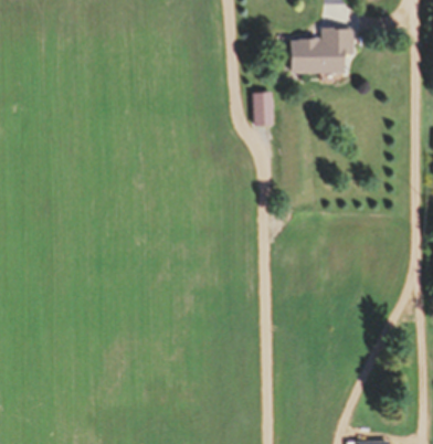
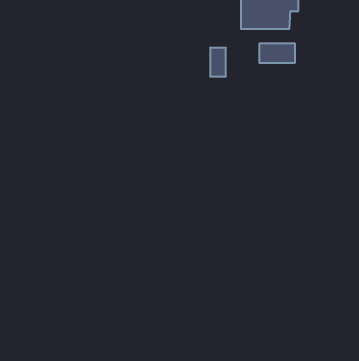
building: none -> [259,43,295,63]

